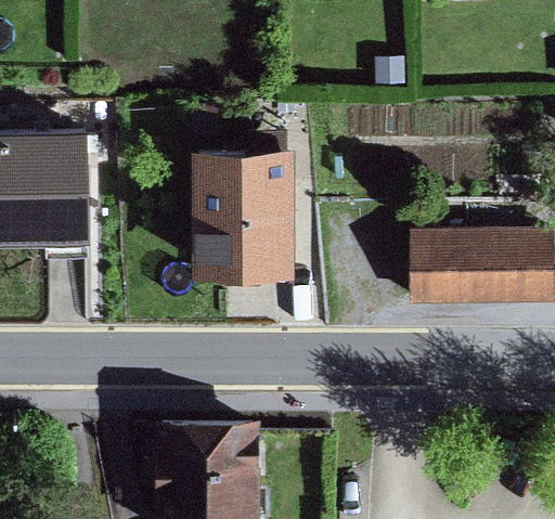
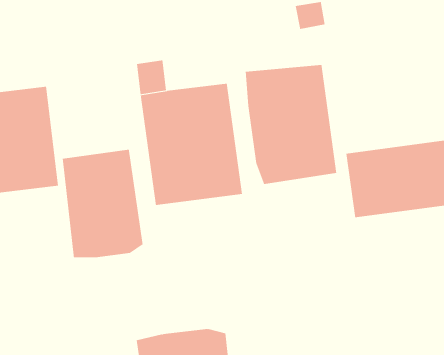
building: none -> [245,64,337,185]
building: none -> [62,149,143,258]

